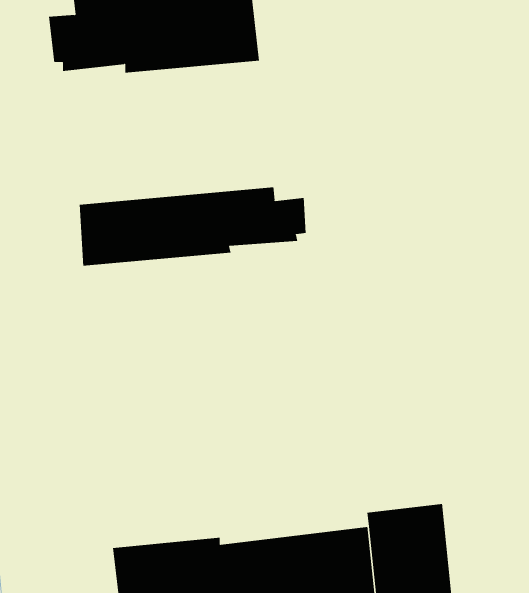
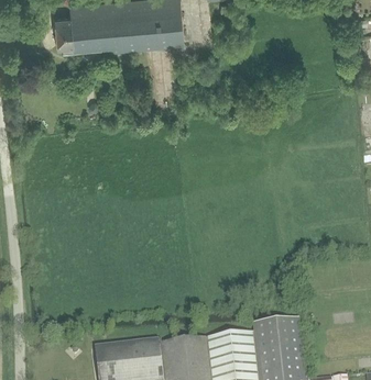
building: [79,187,306,266] -> none

